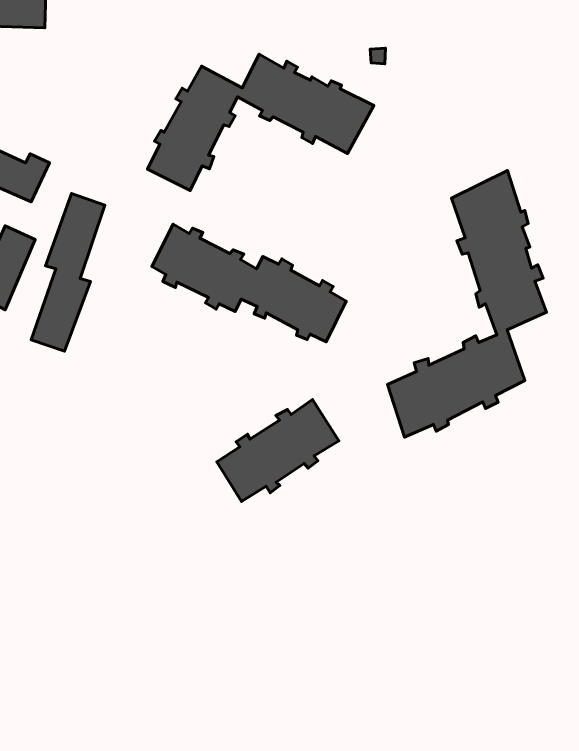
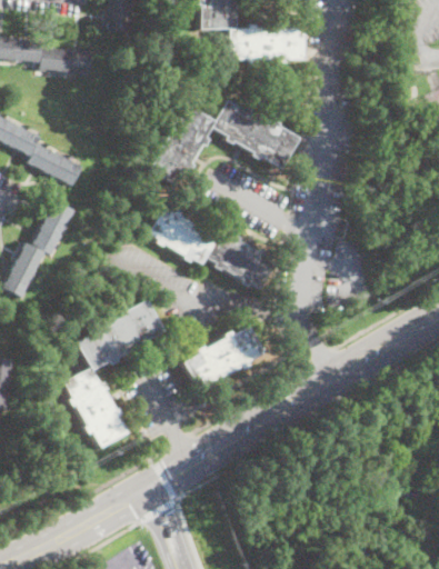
building: [388,170,546,437] -> none
building: [31,194,105,351] -> none
building: none -> [64,300,163,448]

